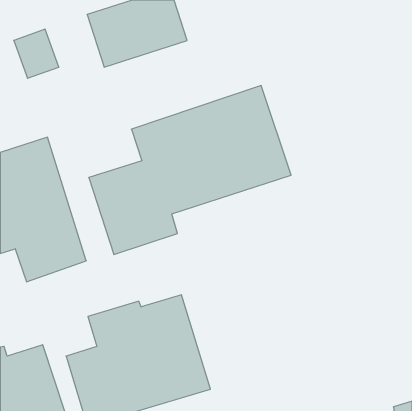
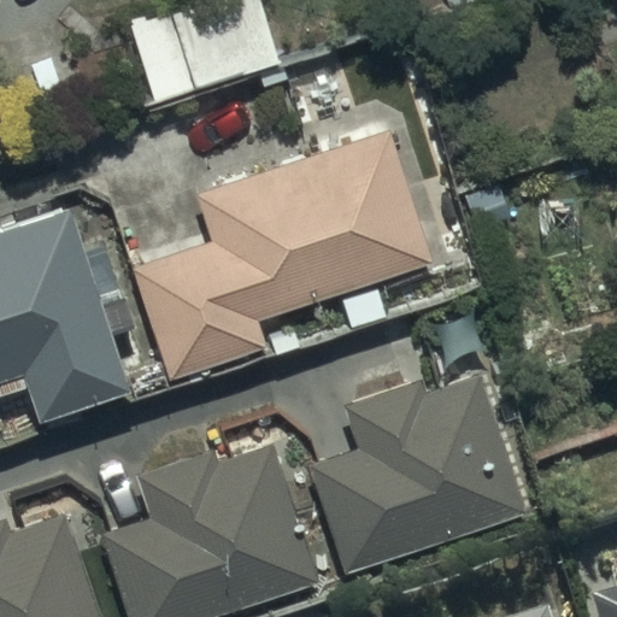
building: none -> [310,375,523,574]

